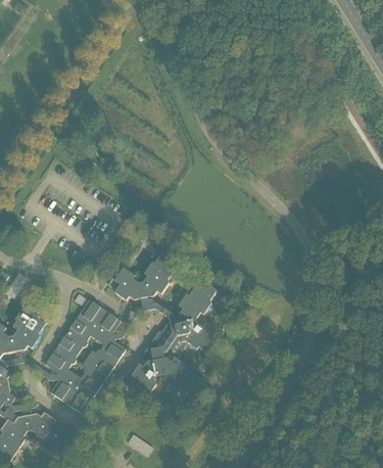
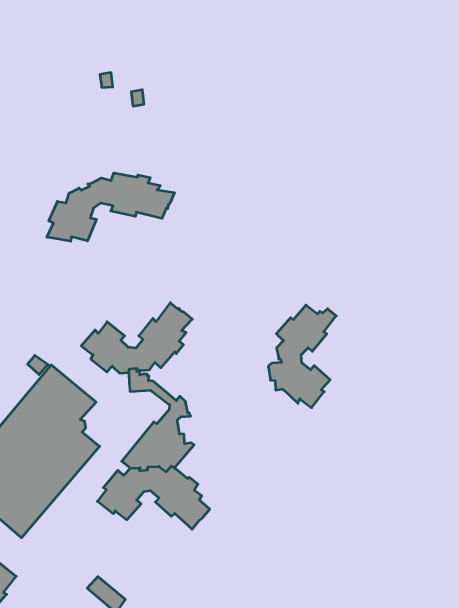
building: none -> [47,173,174,241]
building: [175,284,216,350] -> [268,305,336,408]

